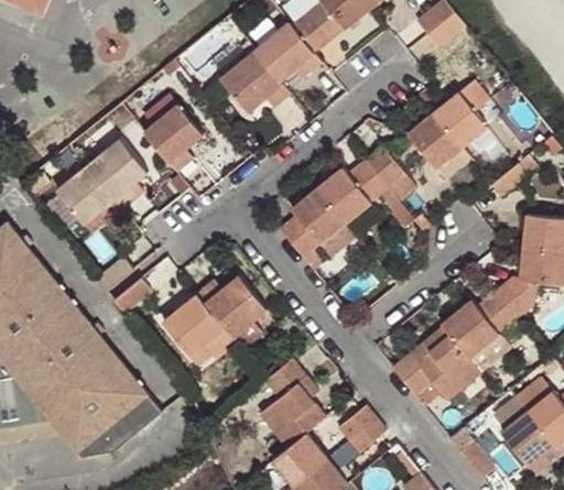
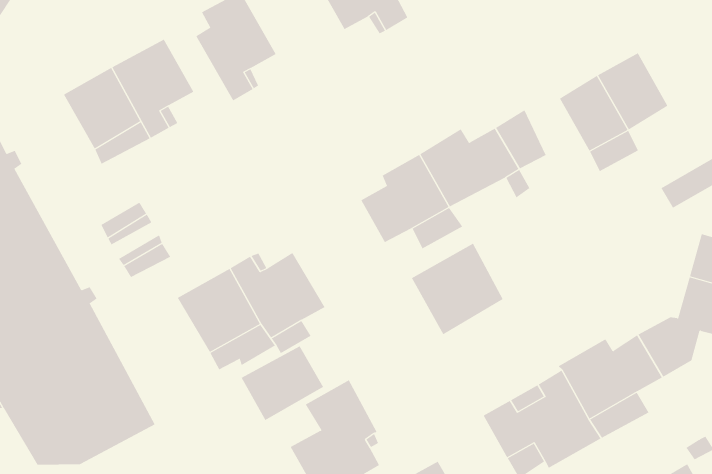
building: none -> [411,243,504,335]
building: none -> [241,346,324,421]

